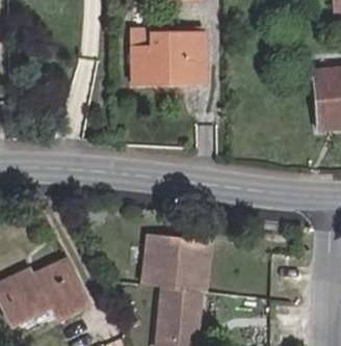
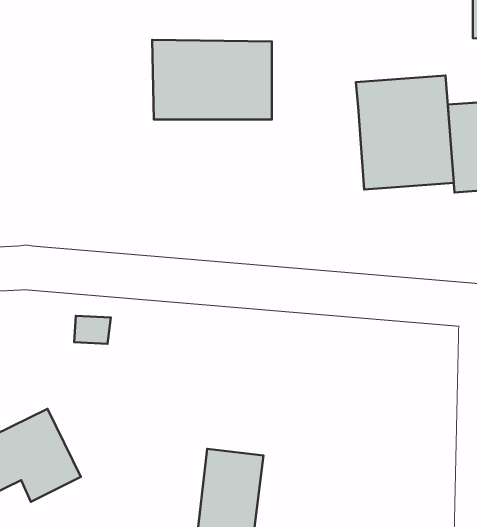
building: none -> [356,76,454,190]
building: [142,236,210,292] -> none

